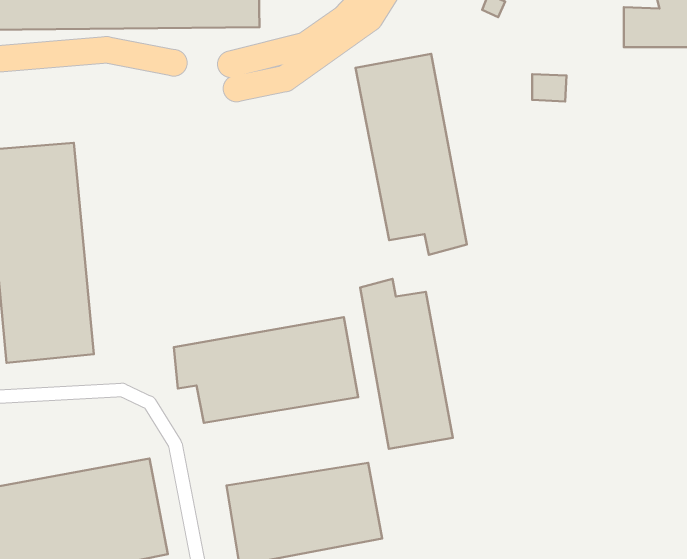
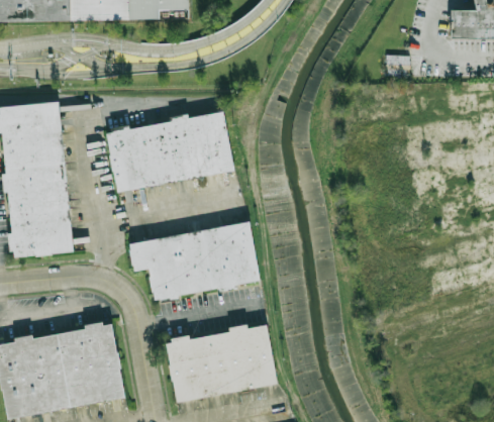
building: [356,54,467,255] -> none
building: none -> [104,110,233,192]
building: [360,279,453,449] -> none

